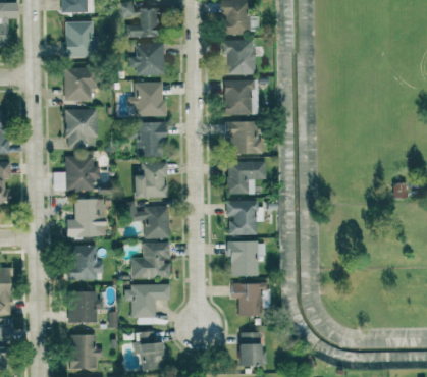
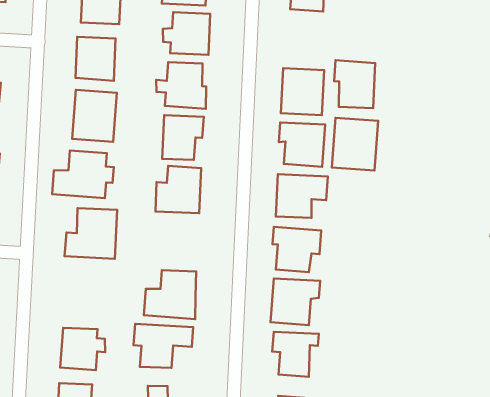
building: [223,40,255,75] -> [334,60,375,108]
building: none -> [332,118,378,171]
building: [121,202,169,238] -> none
building: [69,245,104,278] -> none

